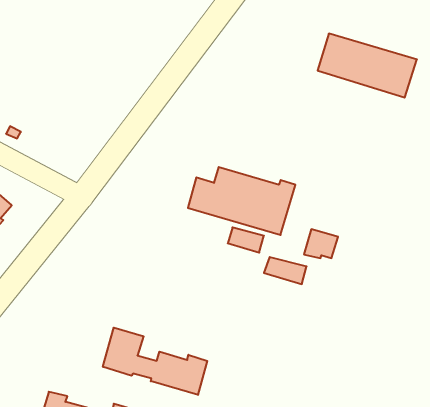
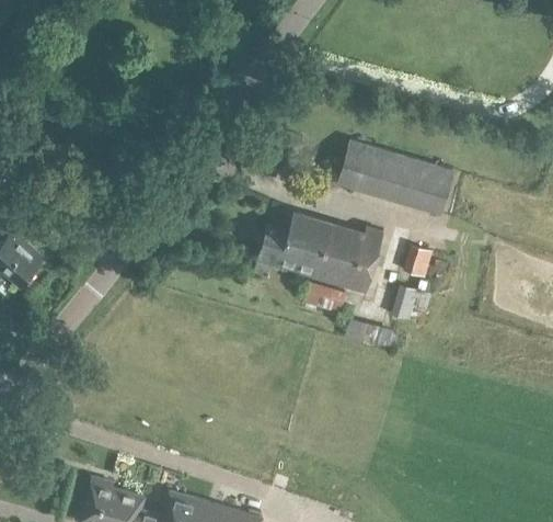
building: [318,34,417,98] -> [335,139,452,215]
building: none -> [404,245,434,277]
building: [103,328,207,395] -> none

